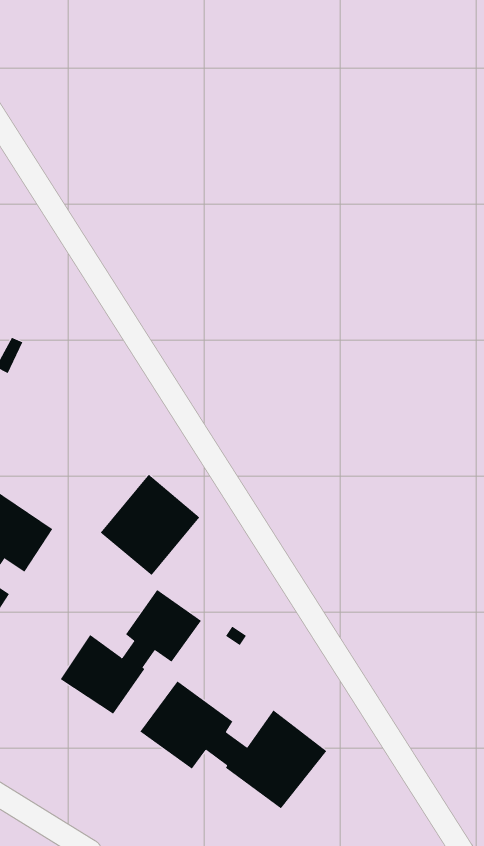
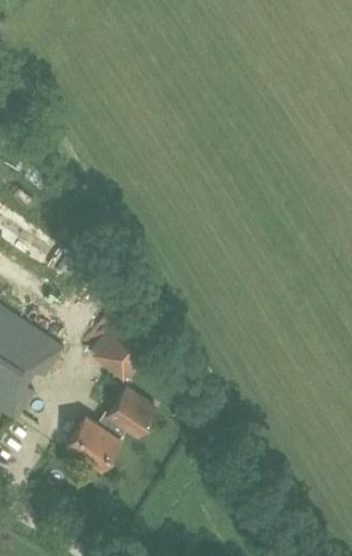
building: [140,680,327,809] -> none

